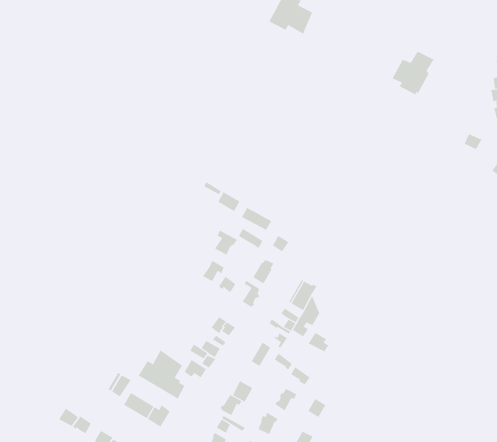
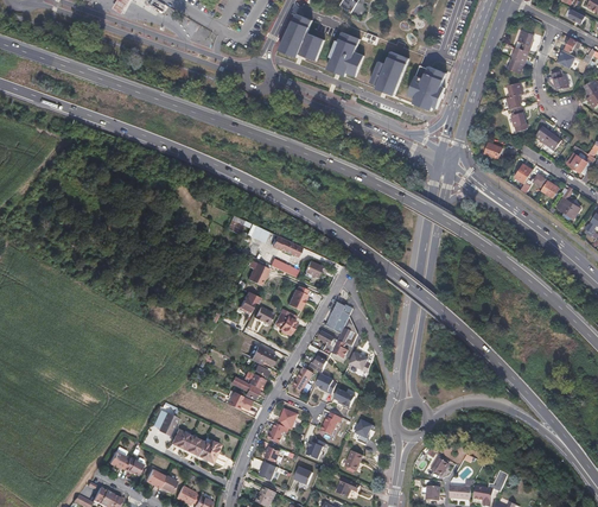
building: none -> [326,31,363,76]
building: none -> [369,51,409,94]
building: [138,349,185,400] -> none

